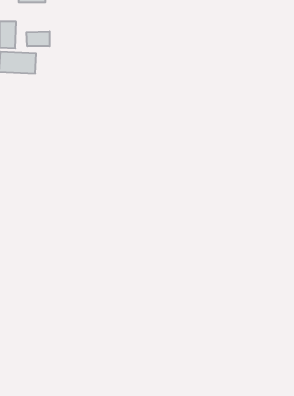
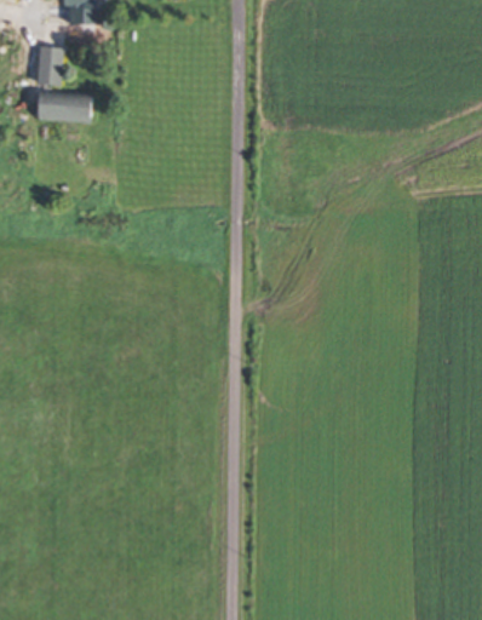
building: [26,31,50,46] -> none

